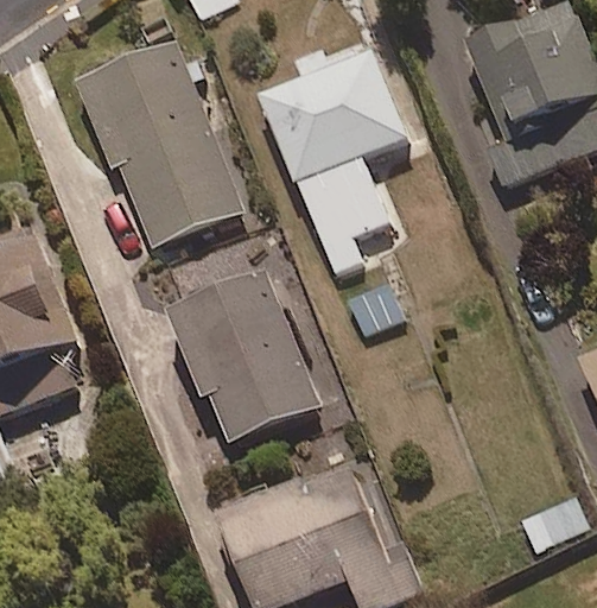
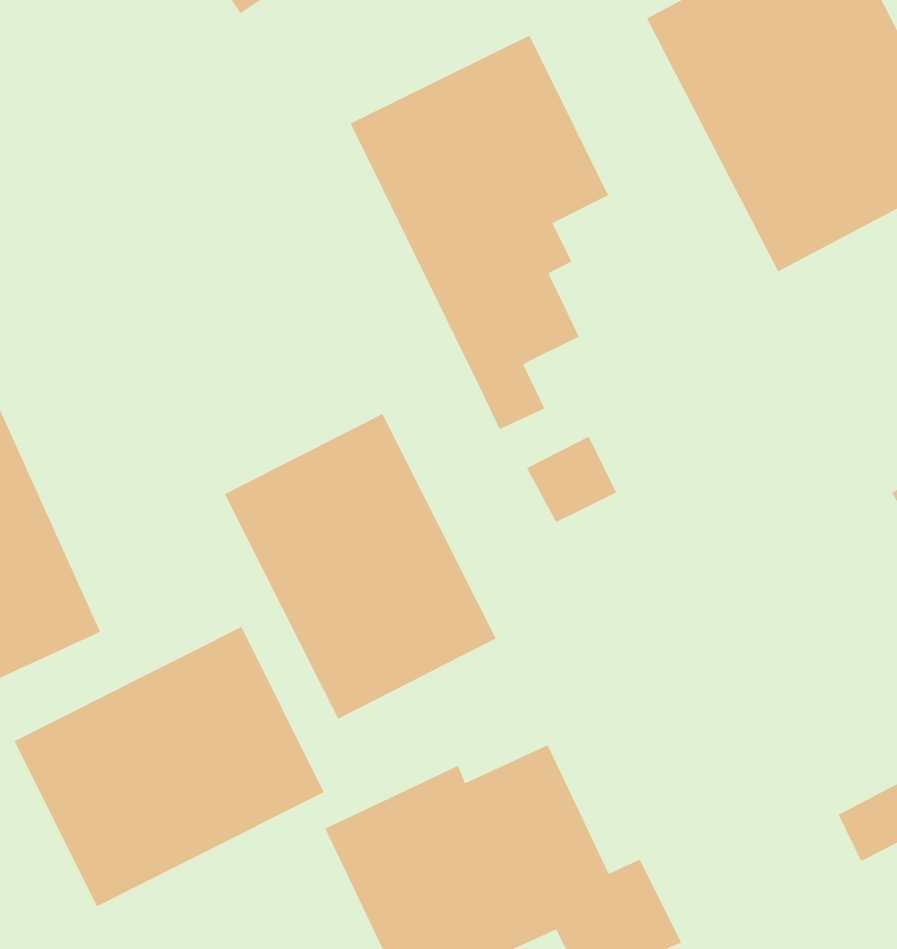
building: [66,34,244,248] -> none
building: none -> [14,626,325,908]

